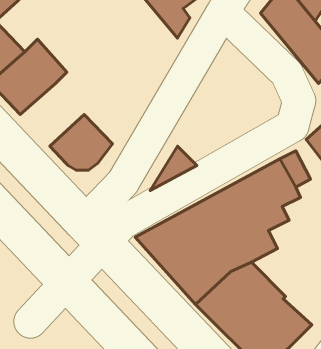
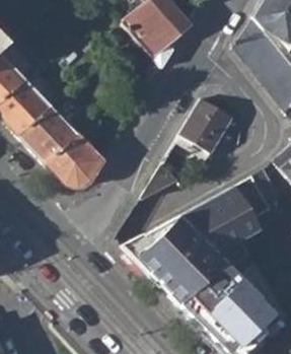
building: none -> [178,98,233,154]
building: none -> [20,110,77,165]

